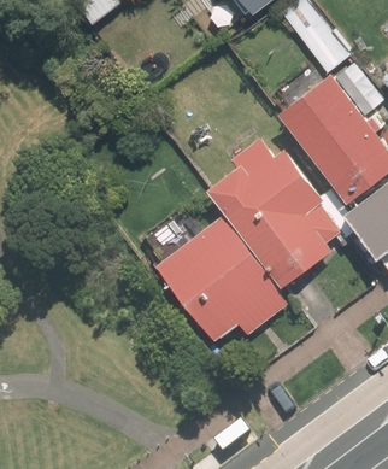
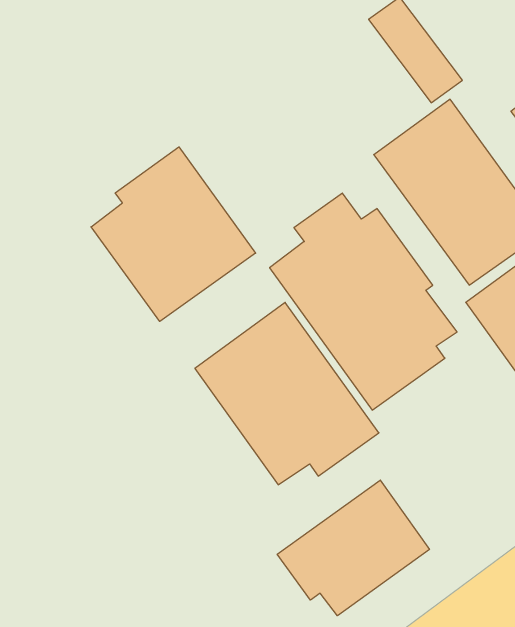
building: none -> [91,147,256,321]
building: none -> [277,480,429,616]

